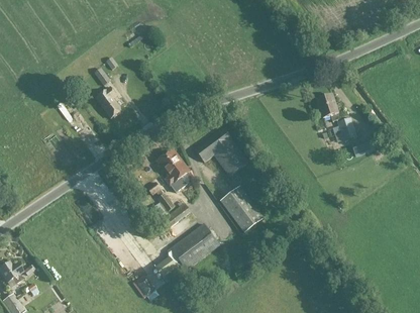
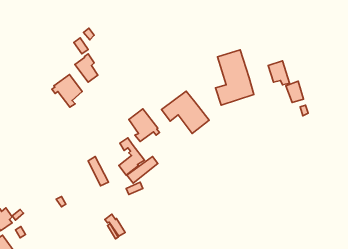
building: none -> [216,50,254,105]
building: none -> [52,75,82,107]
building: [219,186,264,233] -> none
building: [154,222,220,283] -> none

